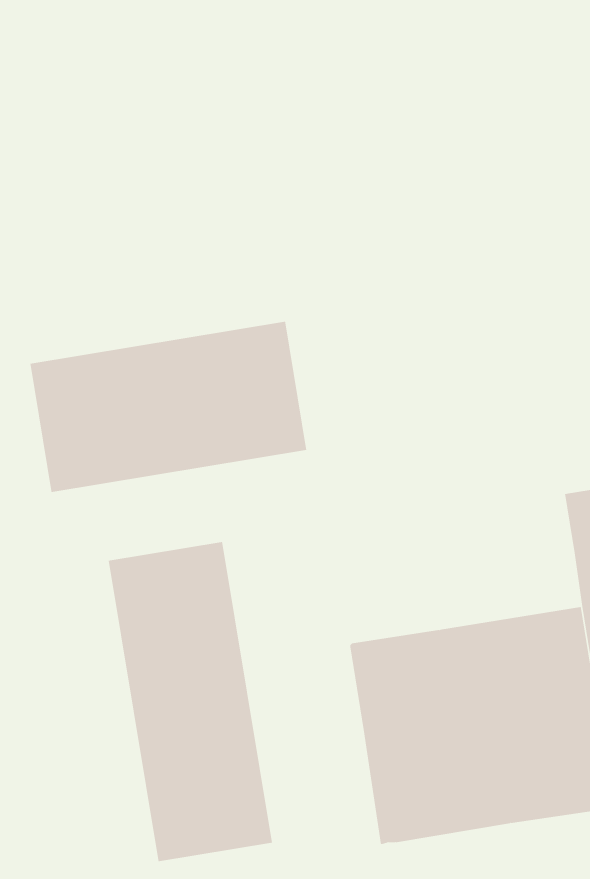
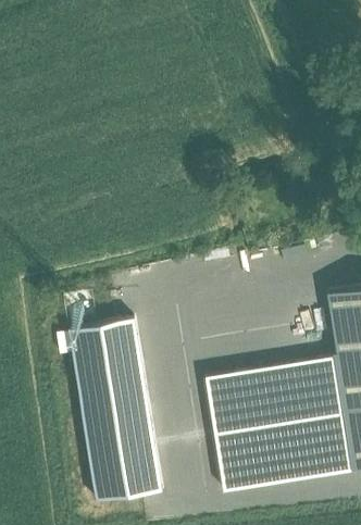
building: [30,321,307,493] -> none

